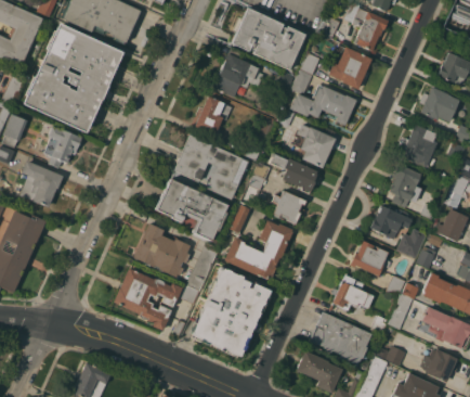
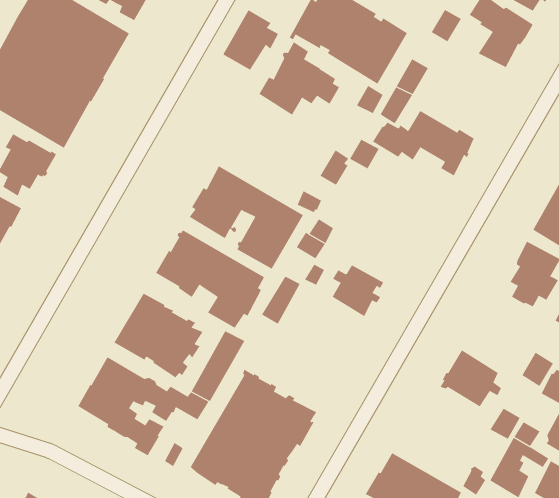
building: [328,47,371,90] -> none
building: [195,95,231,136] -> [222,9,279,70]
building: [299,126,336,168] -> none
building: [270,153,316,194] -> none
building: [370,206,413,240] -> none
building: [224,220,292,281] -> none
building: [332,276,374,311] -> none

